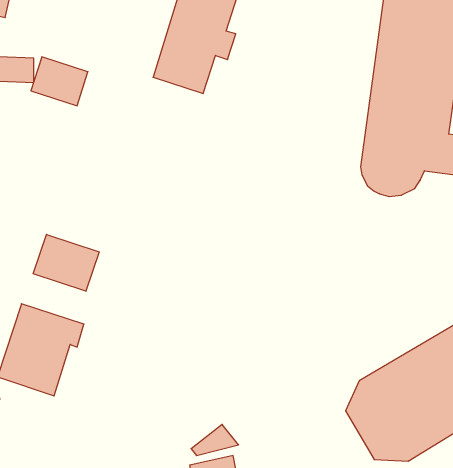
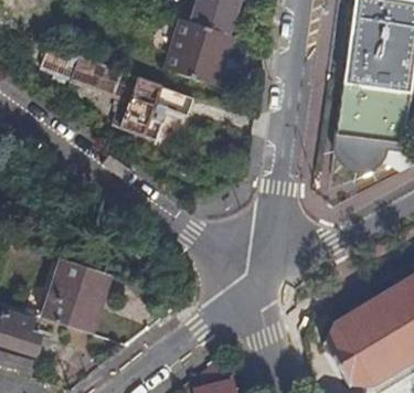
building: none -> [113,73,190,149]
building: [33,234,99,291] -> none

